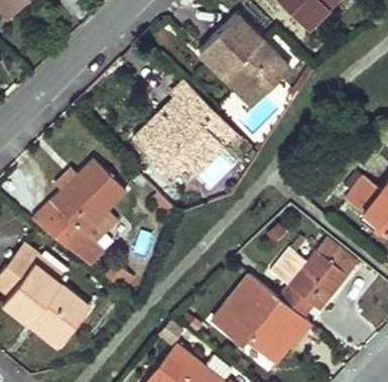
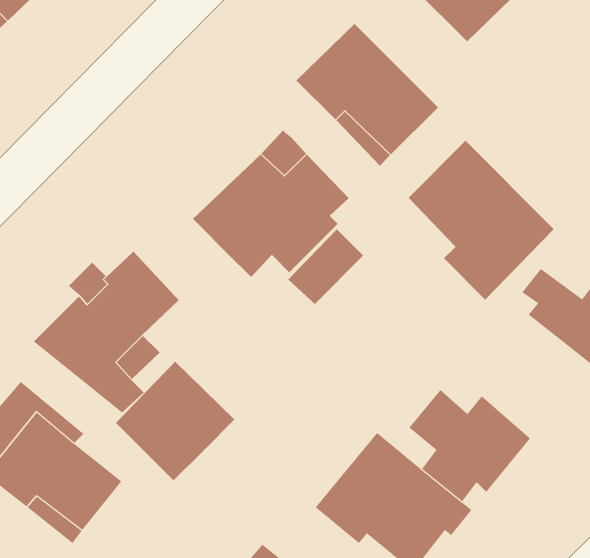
building: none -> [408,140,555,300]
building: none -> [115,361,235,481]
building: [316,236,362,279] -> none

